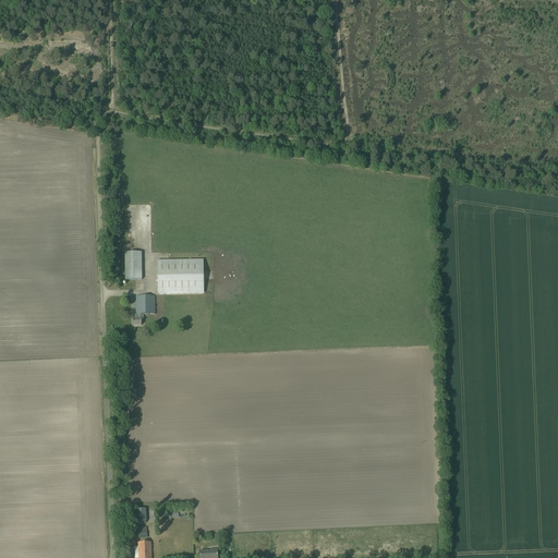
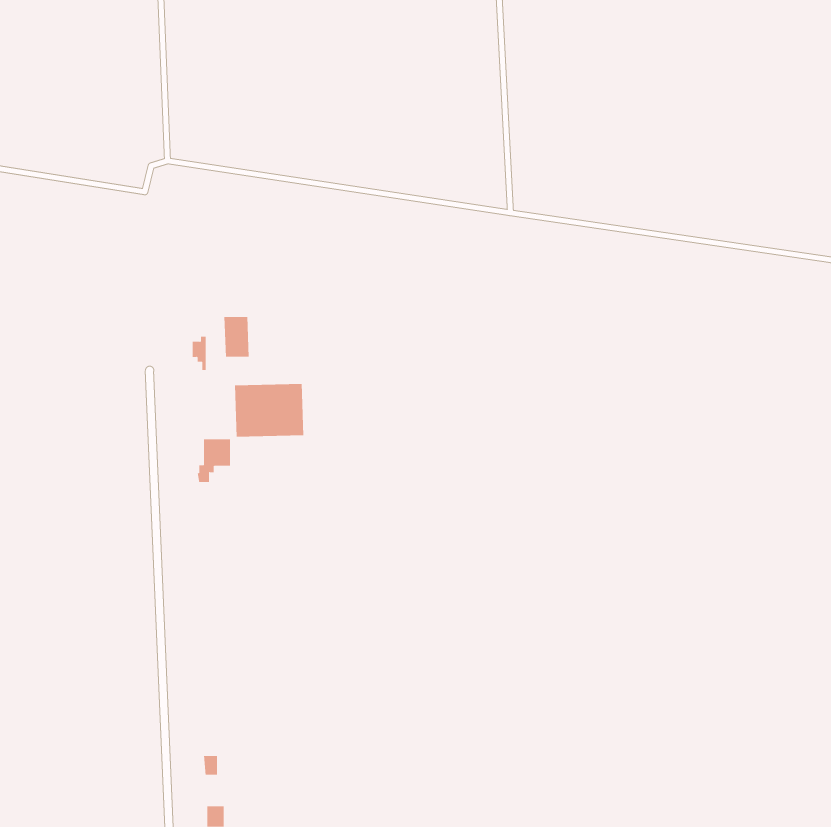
building: [124,251,142,278] -> [224,316,250,357]

